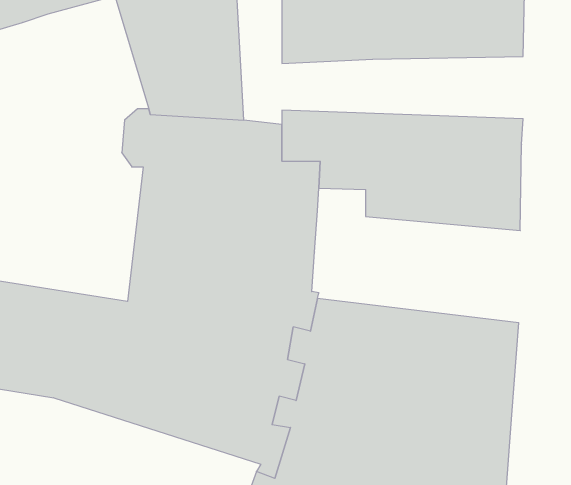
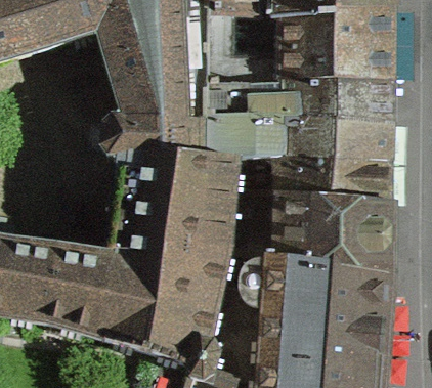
building: none -> [218,75,392,120]
building: none -> [240,186,390,267]

